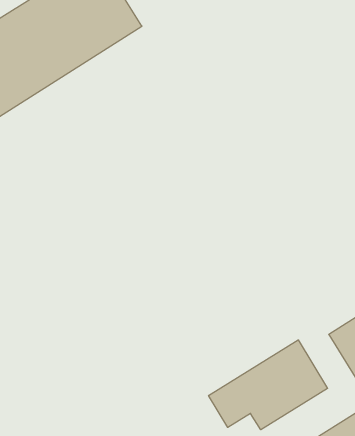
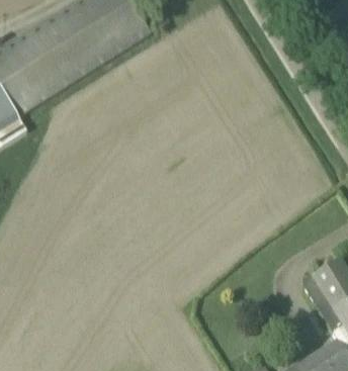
building: [209,340,328,430] -> none

